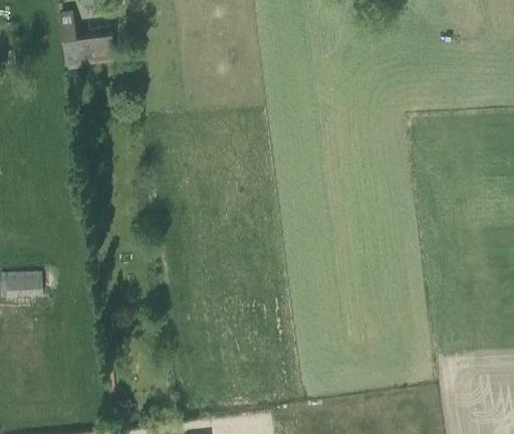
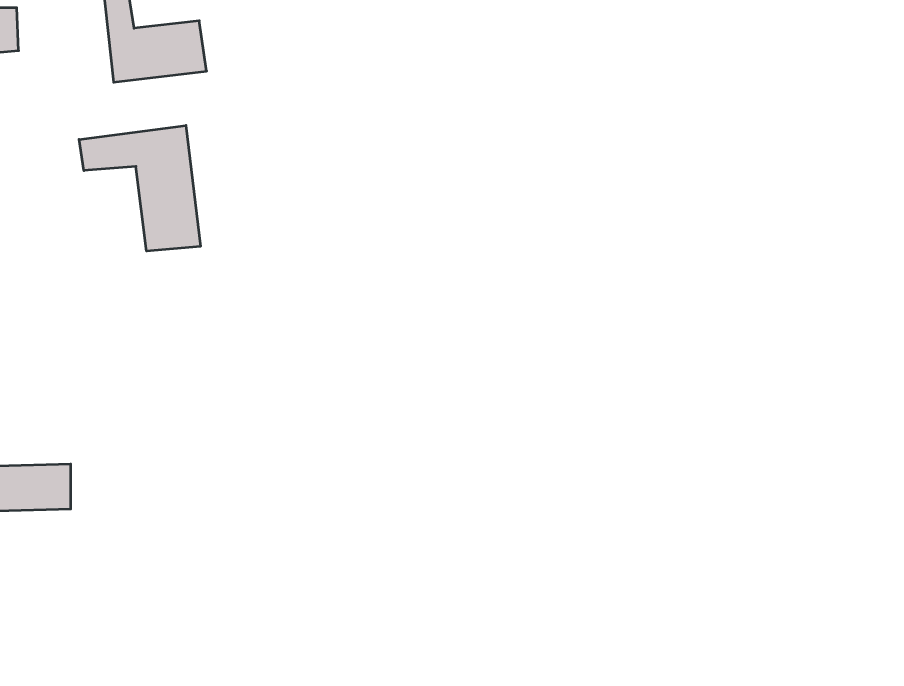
building: none -> [79,125,200,251]

